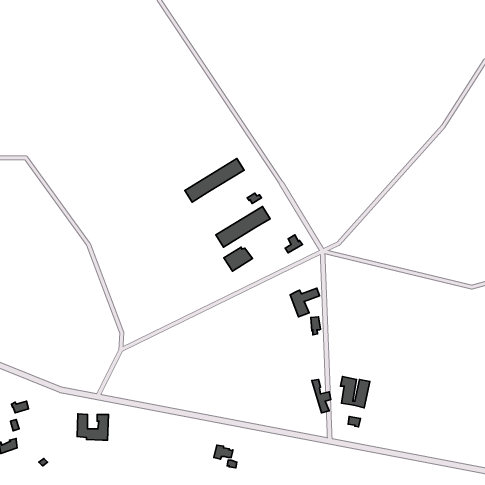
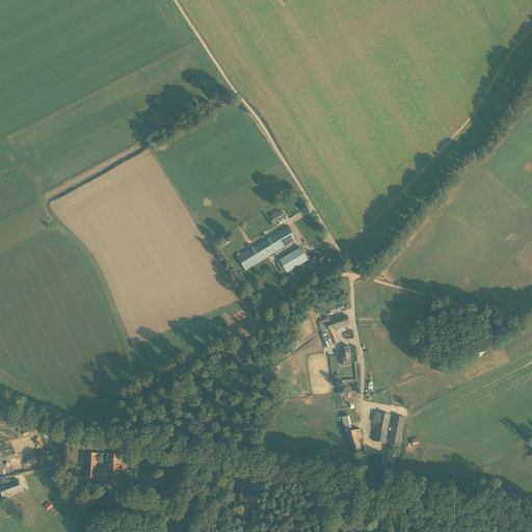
building: [185,159,244,202] -> none
building: [224,247,252,271] -> [276,246,308,272]

